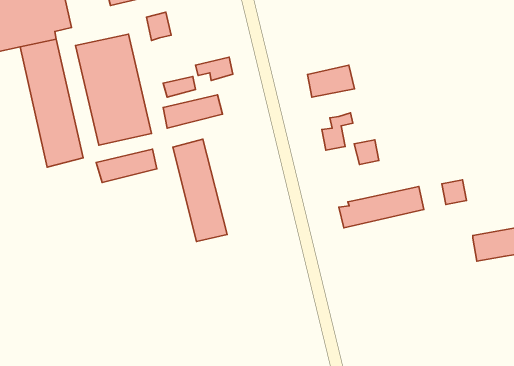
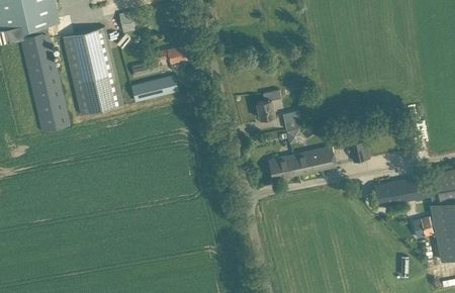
building: [307,65,355,97] -> none
building: [173,139,227,241] -> none
building: [96,149,157,182] -> none

